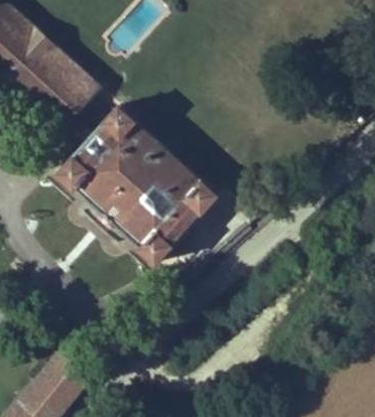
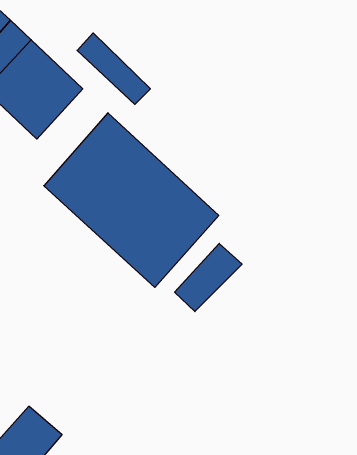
building: none -> [77,33,150,104]
building: none -> [175,243,242,312]

